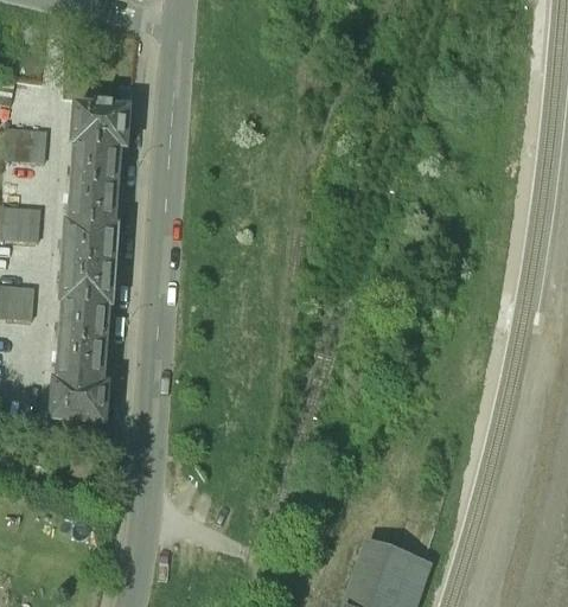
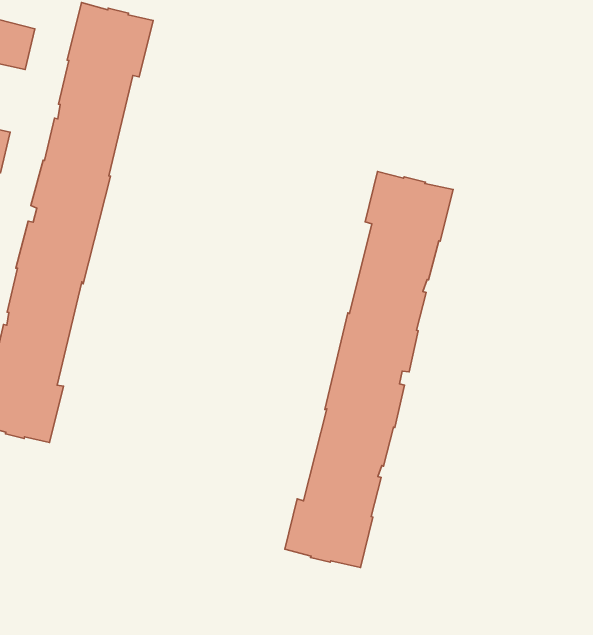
building: none -> [285,171,453,567]

